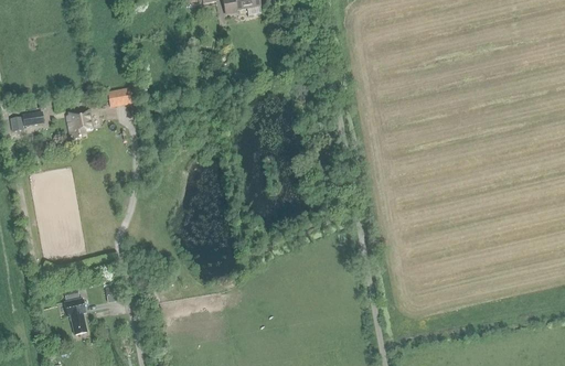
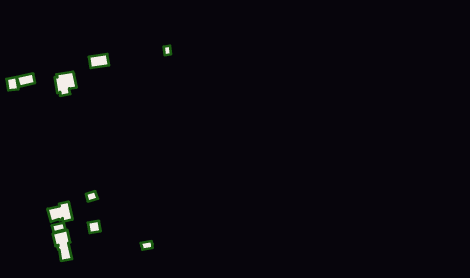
building: none -> [48,202,72,222]

